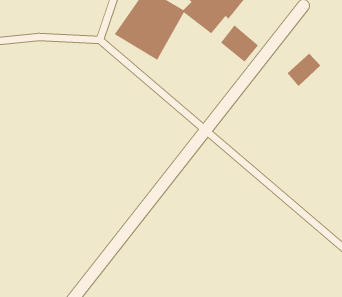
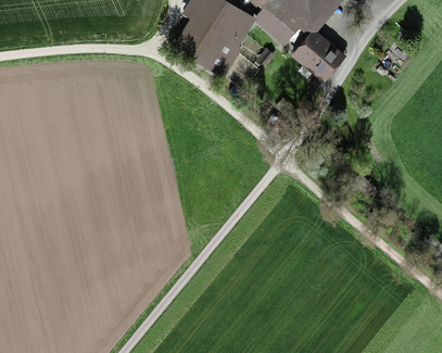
building: [287,53,321,87] -> none

